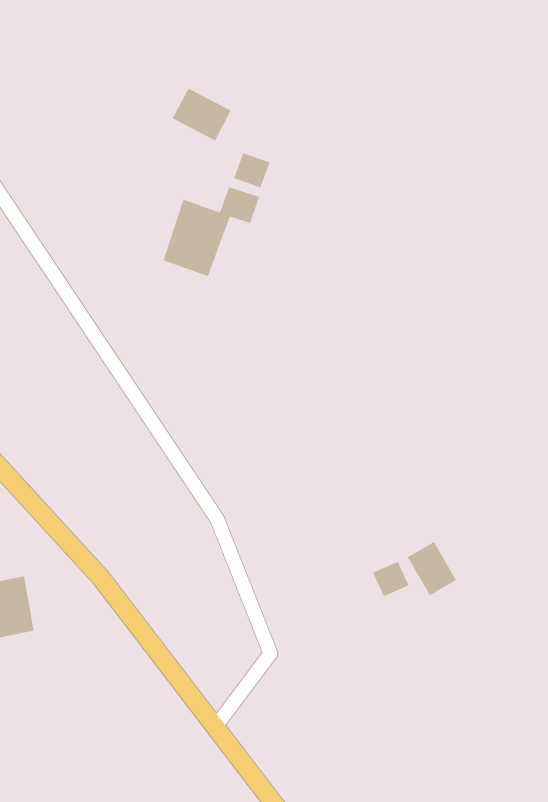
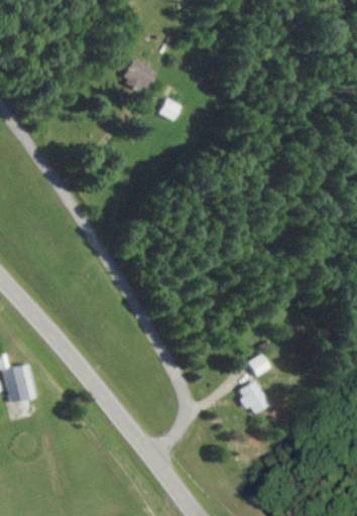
building: [163,186,260,277] -> none
building: [407,541,457,596] -> [237,381,268,415]

